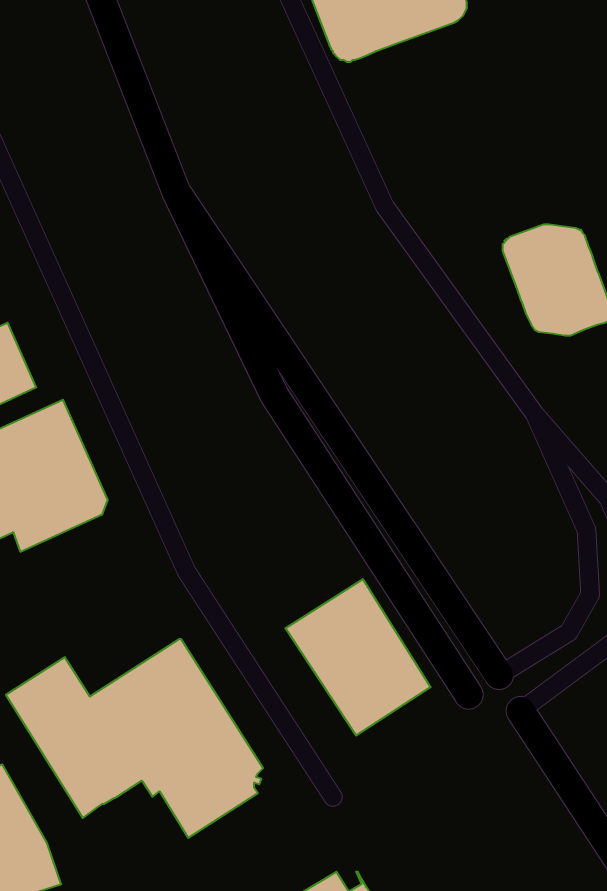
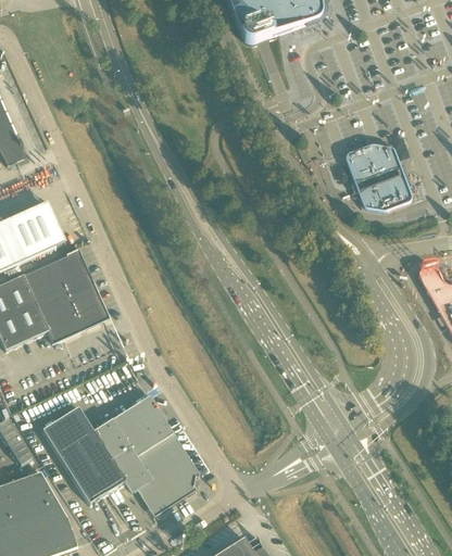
building: [285,579,431,736] -> none

